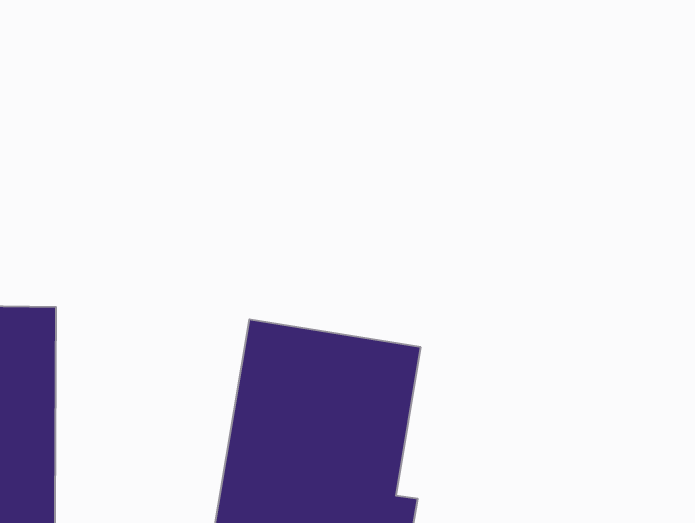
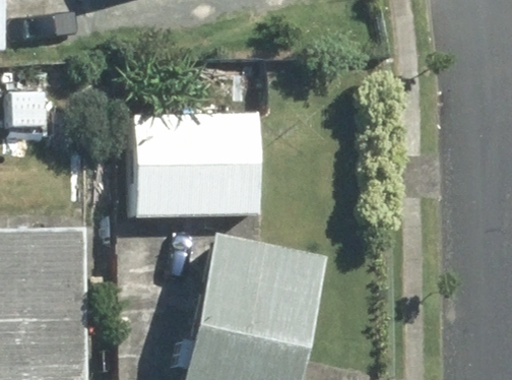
building: none -> [134,115,255,211]

